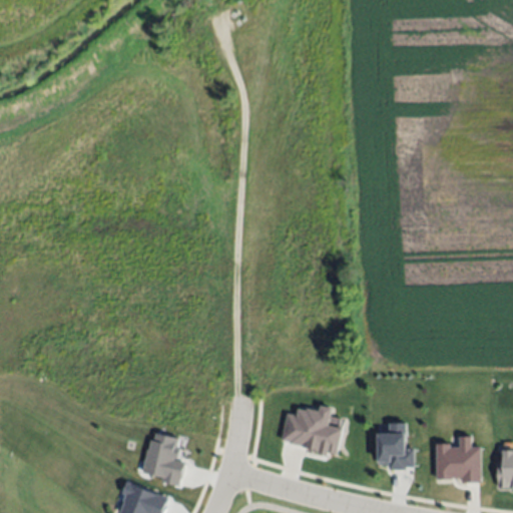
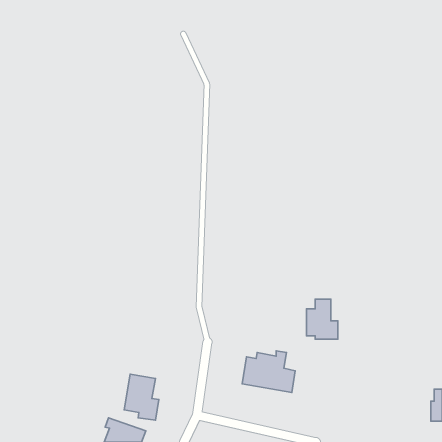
building: [377,422,413,468] -> [307,299,338,339]
building: [435,436,480,482] -> none

